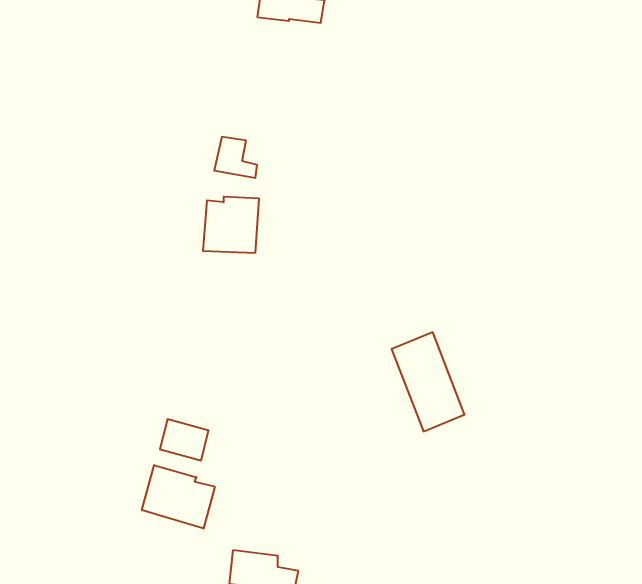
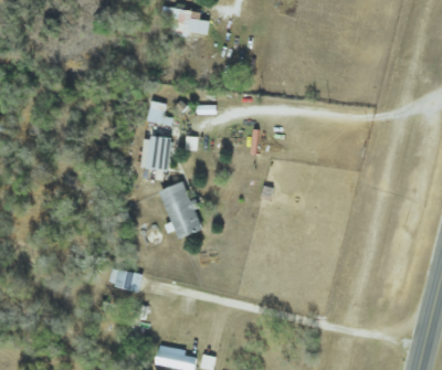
building: [392,332,465,431] -> [159,181,202,240]
building: [142,465,215,529] -> none

